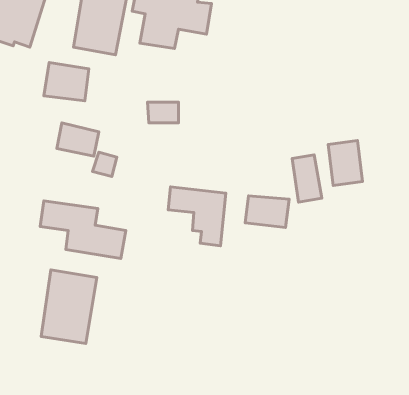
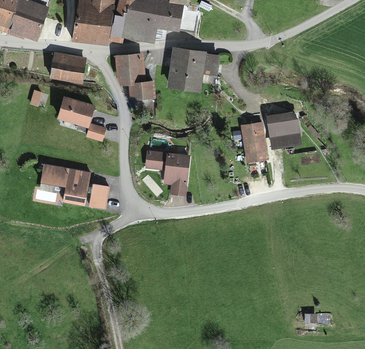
building: none -> [169,50,216,92]
building: none -> [115,54,144,84]
building: [245,196,289,228] -> none
building: [41,270,97,344] -> none

